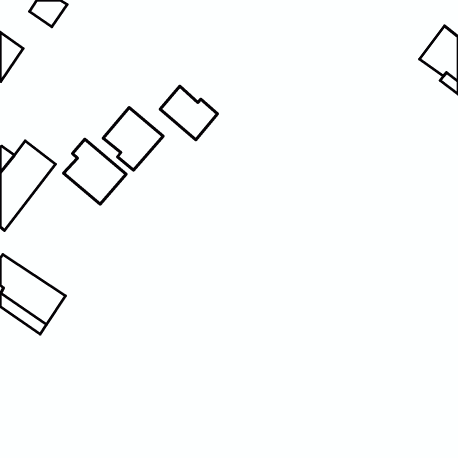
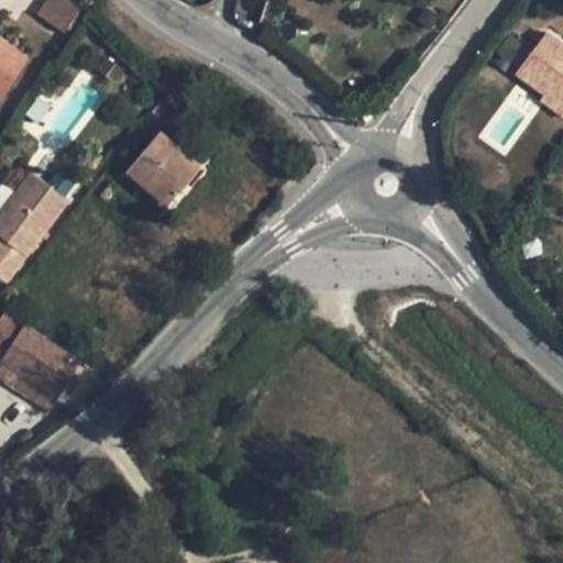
building: [160,86,217,140] -> none
building: [64,139,126,204] -> none

